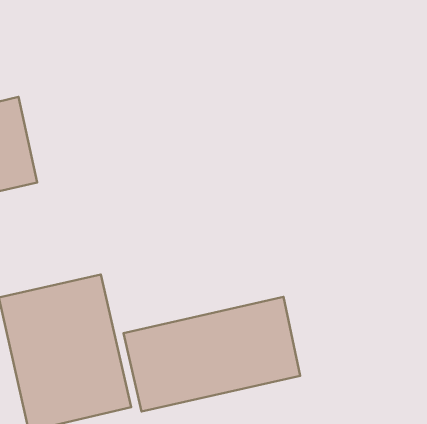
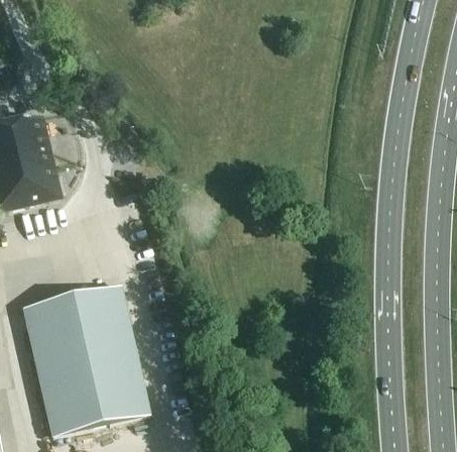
building: [123,297,300,412] -> none

